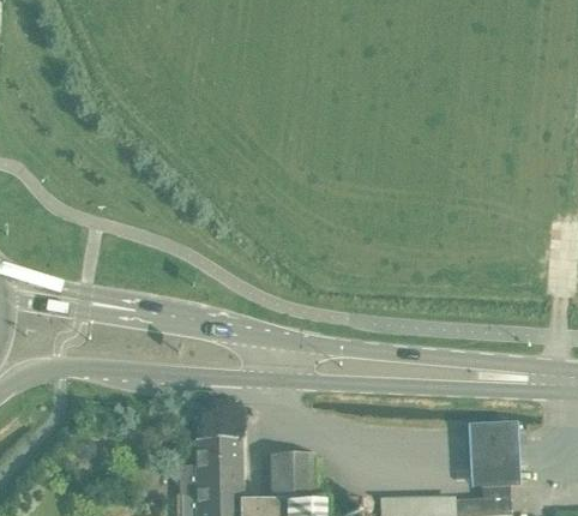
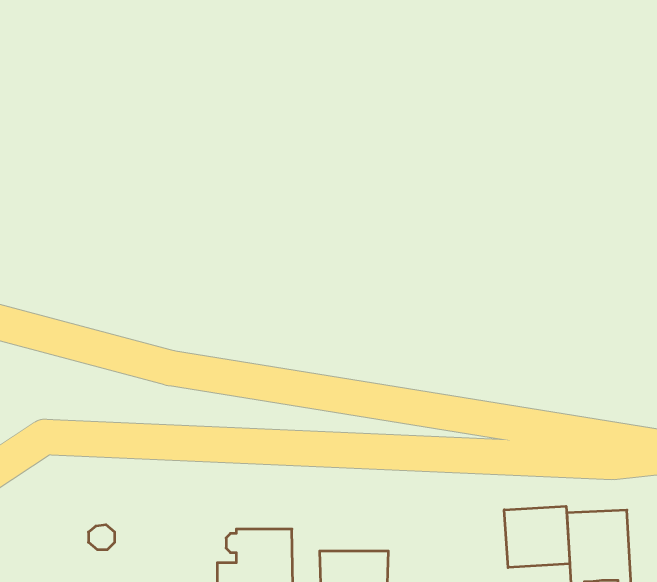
building: none -> [504,506,570,568]

